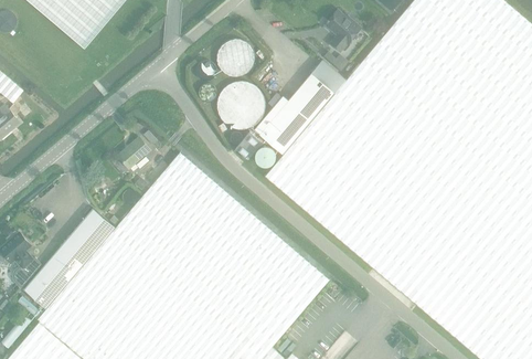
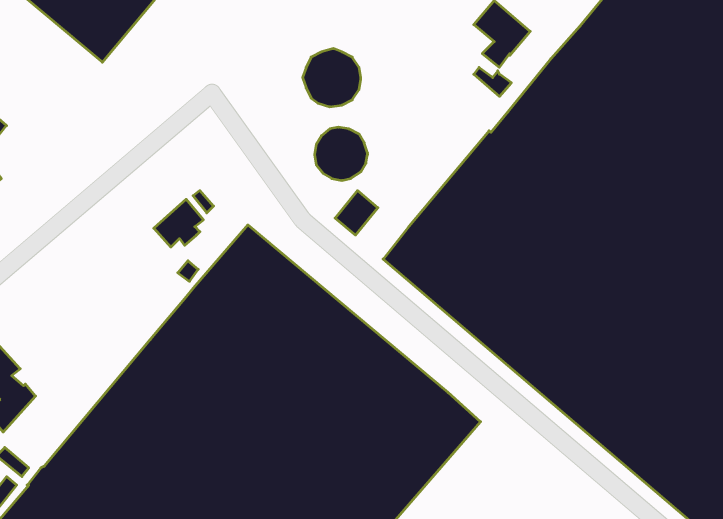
building: [254,60,347,155] -> none
building: [24,209,118,309] -> none

